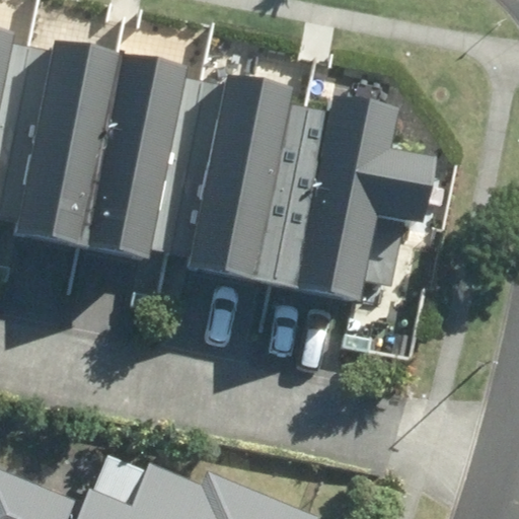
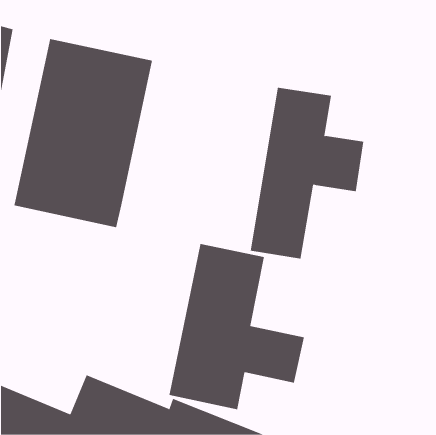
building: [188,78,322,295] -> none
building: none -> [169,243,305,410]

